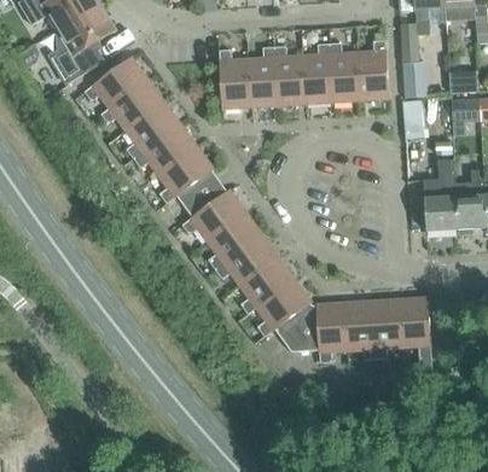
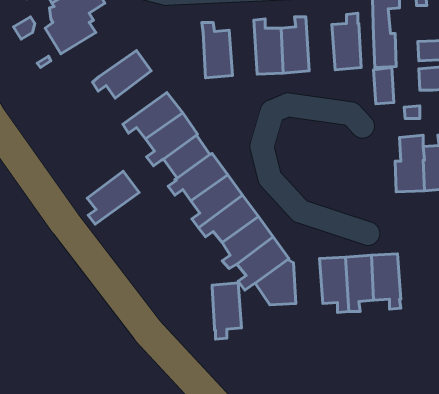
building: [329,42,360,101] -> none
building: [246,47,277,106] -> none
building: [83,56,147,107] -> none
building: [124,101,180,158] -> [87,171,139,224]
building: [315,302,347,362] -> [212,283,242,339]

